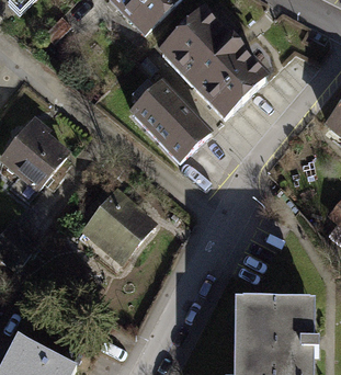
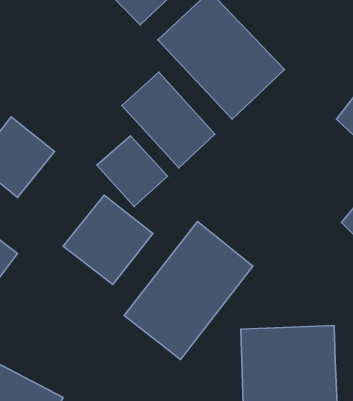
building: none -> [97,136,167,206]
building: none -> [124,222,253,359]

